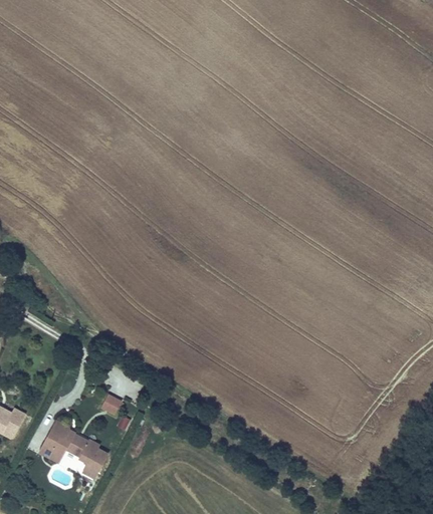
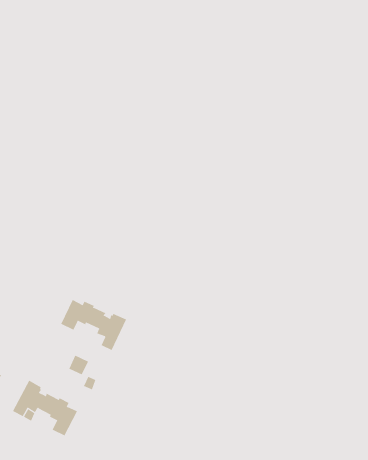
building: none -> [61,299,127,351]

